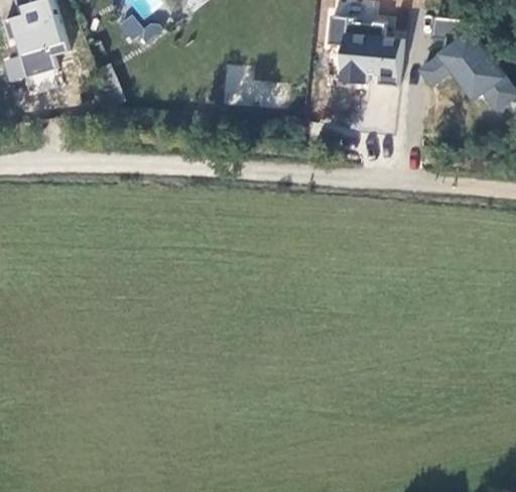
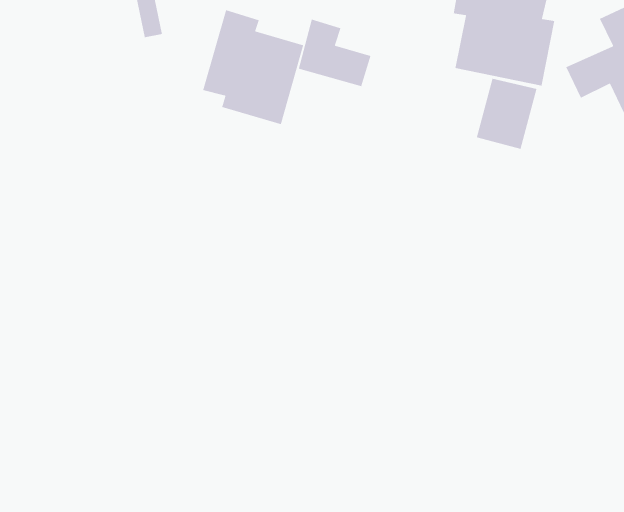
building: none -> [202,9,304,125]

